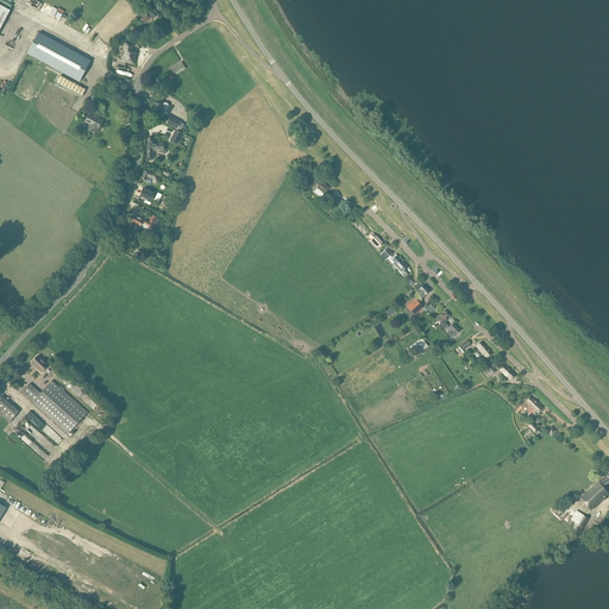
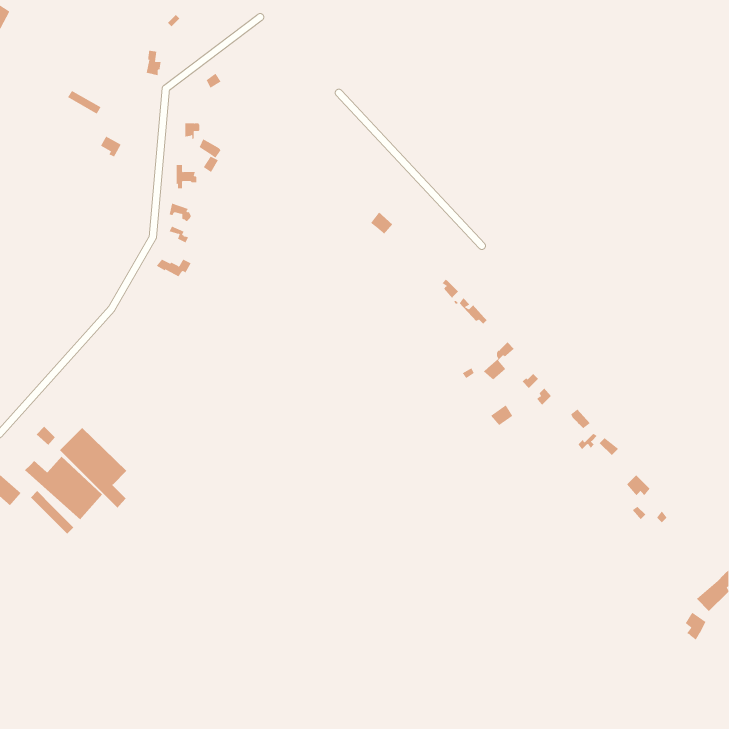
building: [25,31,89,81] -> none
building: none -> [59,427,127,509]

